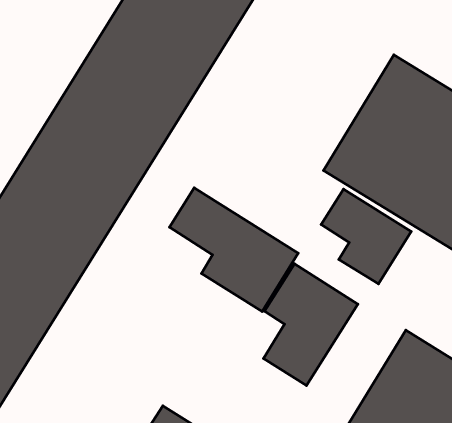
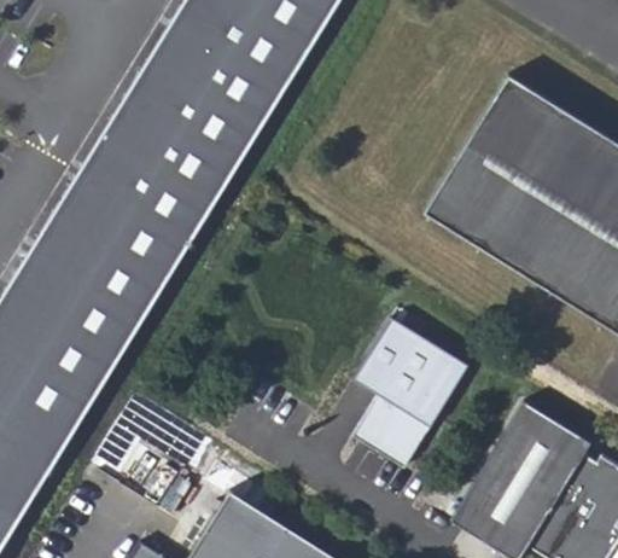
building: [169,188,298,311] -> none
building: [321,189,411,284] -> none

